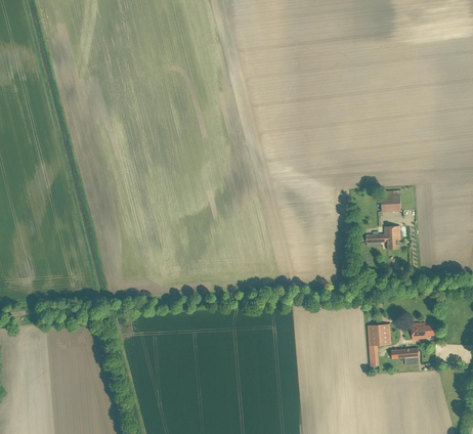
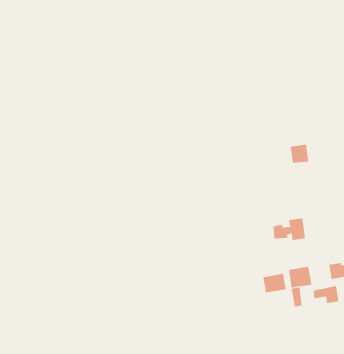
building: [364,226,399,250] -> [273,218,306,241]
building: none -> [263,273,286,293]

